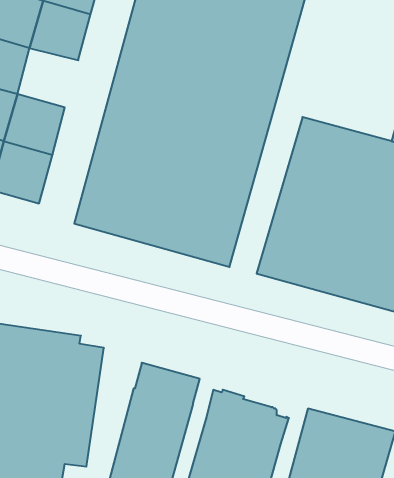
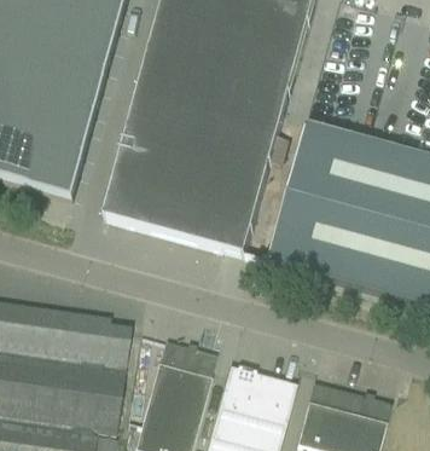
building: none -> [52,57,106,110]

